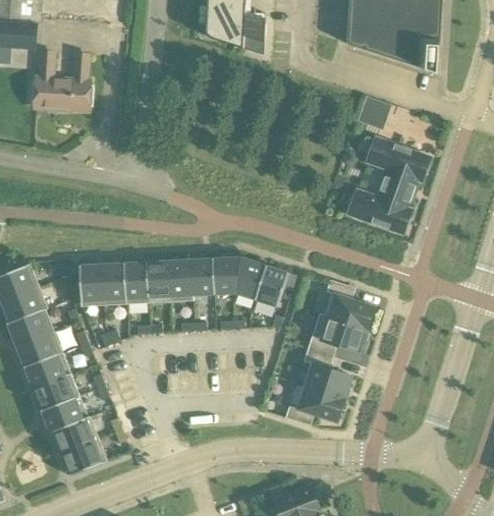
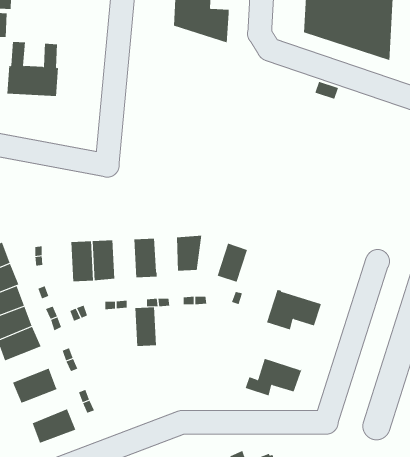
building: [347,137,429,233] -> none
building: [234,256,266,299] -> none
building: [189,259,213,295] -> none
building: [146,261,169,302] -> [135,307,157,347]
building: [78,264,103,306] -> none
building: [323,279,374,331] -> none
building: [303,348,350,398] -> none
building: [32,374,78,411] -> none
building: [51,416,98,454] -> none

